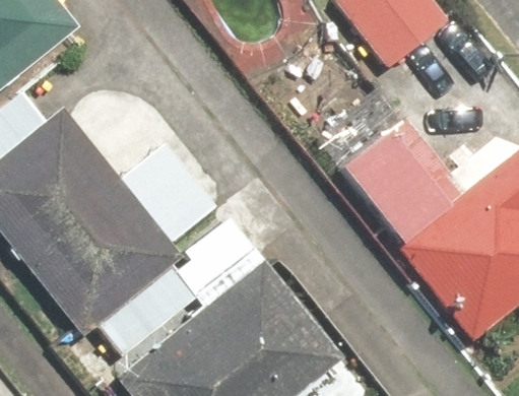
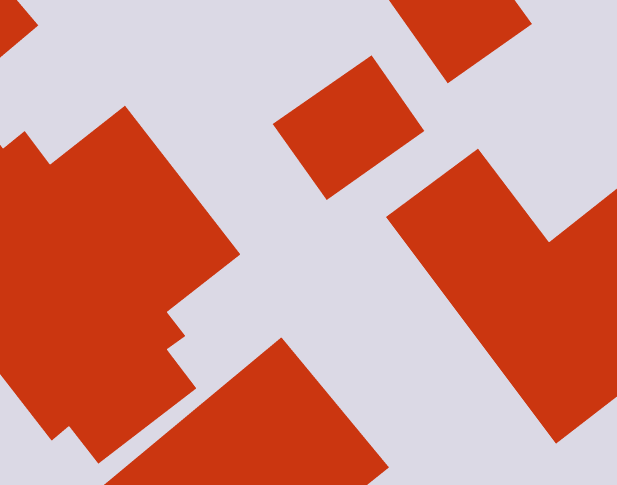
building: none -> [272,54,426,201]

